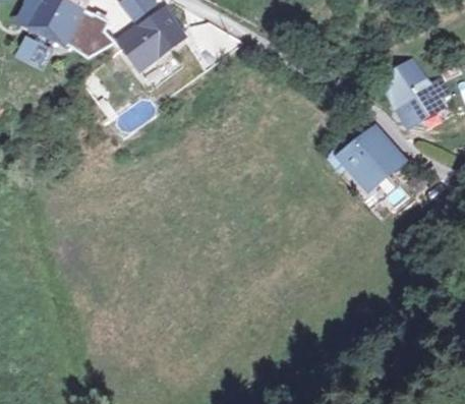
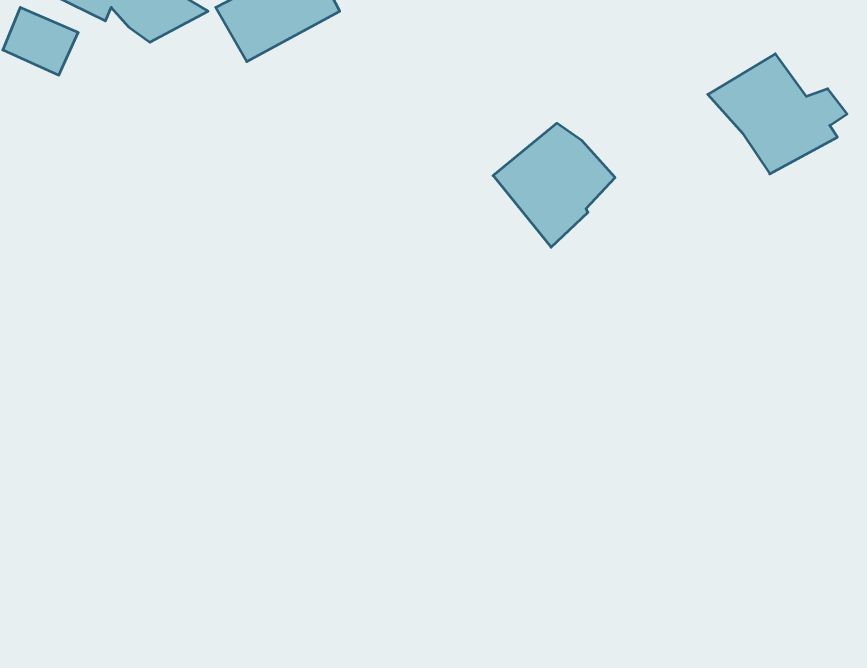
building: [338,124,402,189] -> [493,123,615,247]

